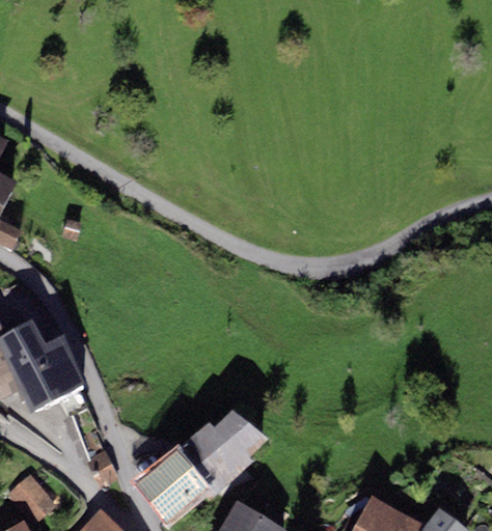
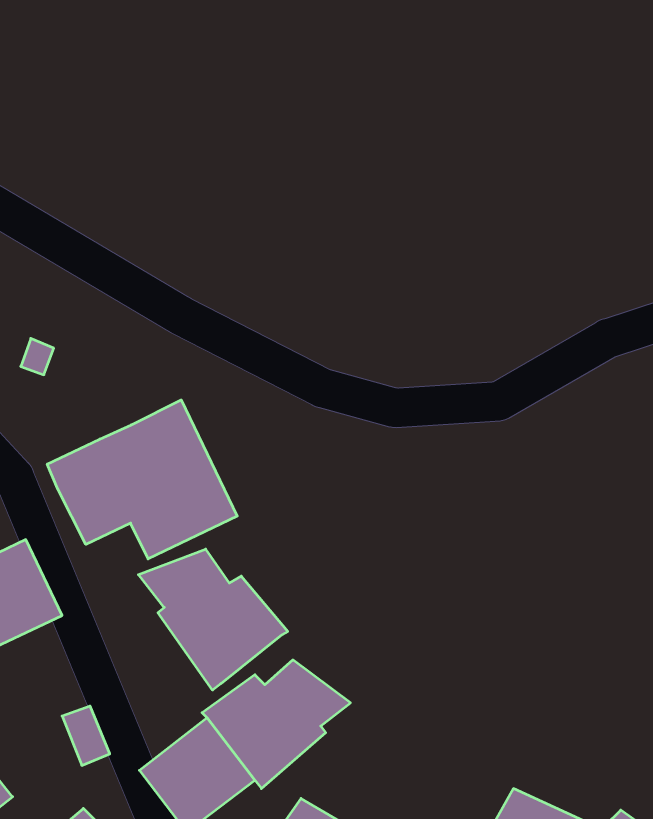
building: none -> [47,400,237,559]
building: none -> [138,549,288,690]

